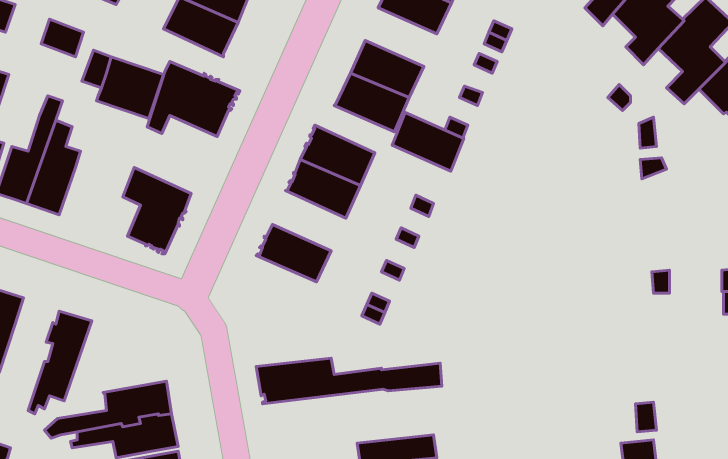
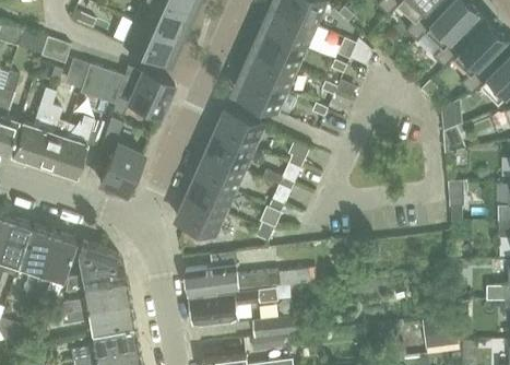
building: [392,113,464,171] -> [259,30,307,69]
building: none -> [54,117,105,176]
building: none -> [197,152,246,192]
building: none -> [177,196,226,237]
building: none -> [19,225,54,299]
building: none -> [64,242,126,292]
building: none -> [191,289,278,322]

